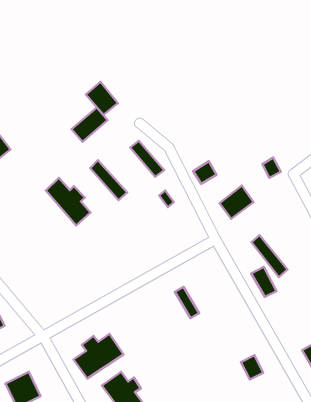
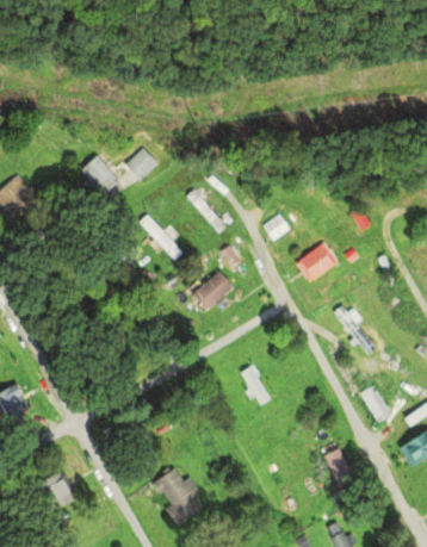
building: [86,82,118,115] -> [79,157,118,198]
building: [46,178,91,225] -> none
building: none -> [188,271,234,313]
building: [251,267,277,297] -> [361,385,392,422]
building: [73,334,124,379] -> none

